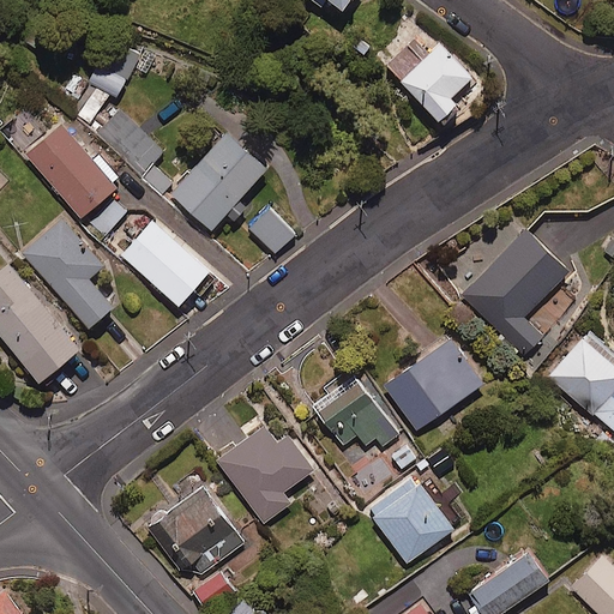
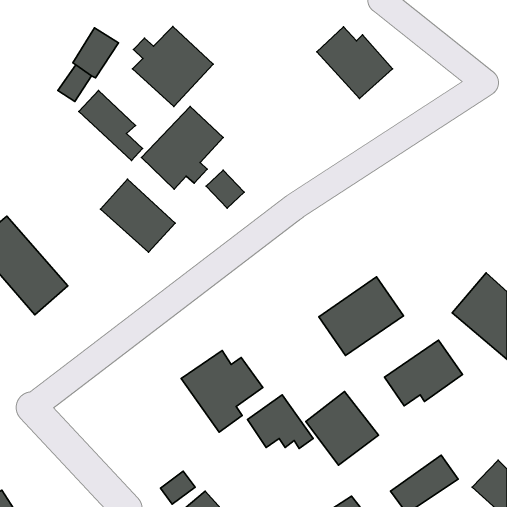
building: none -> [133,26,213,107]
building: [28,120,120,218] -> none
building: [22,216,114,329] -> none
building: [459,231,566,357] -> none
building: [320,381,399,446] -> [247,395,313,448]
building: none -> [385,340,463,406]
building: [149,487,245,579] -> none

